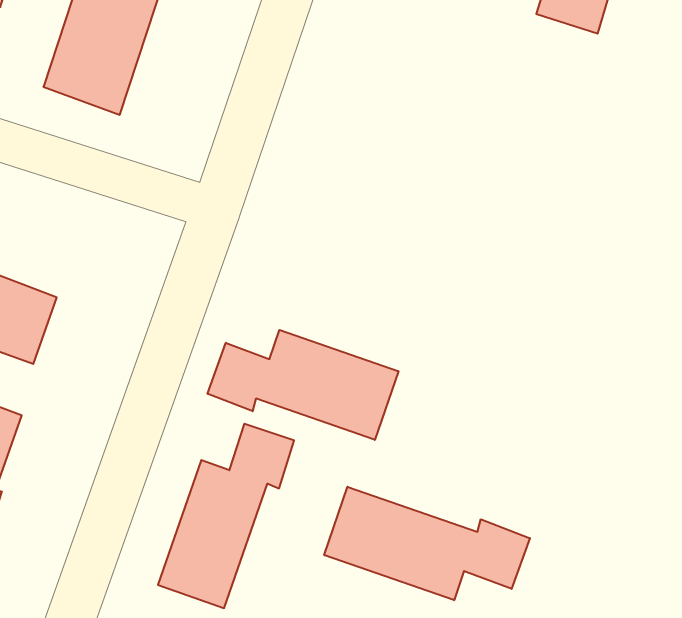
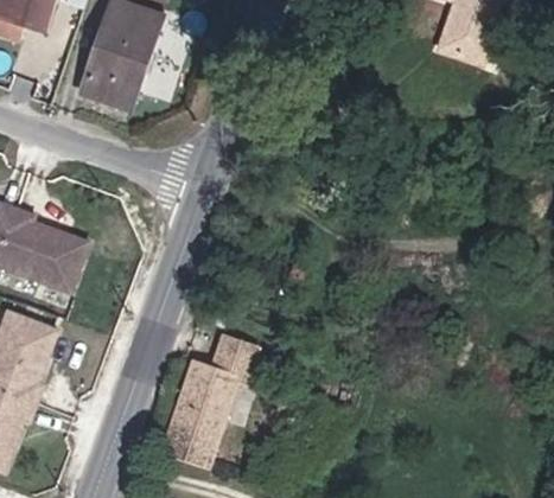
building: [208,330,398,440] -> none
building: [324,487,530,600] -> none

